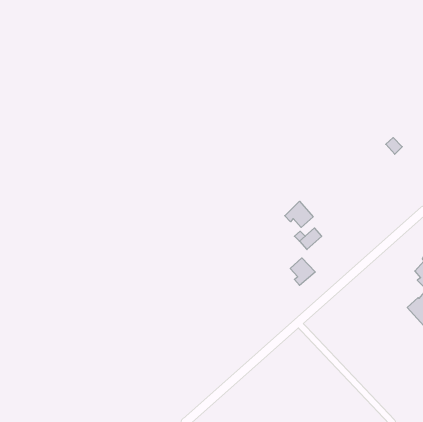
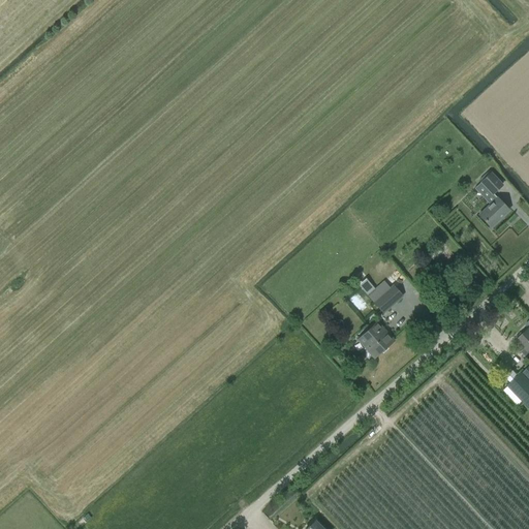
building: none -> [479,196,508,225]
building: [285,201,313,227] -> none

